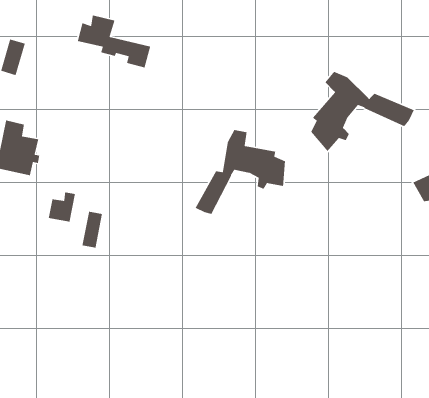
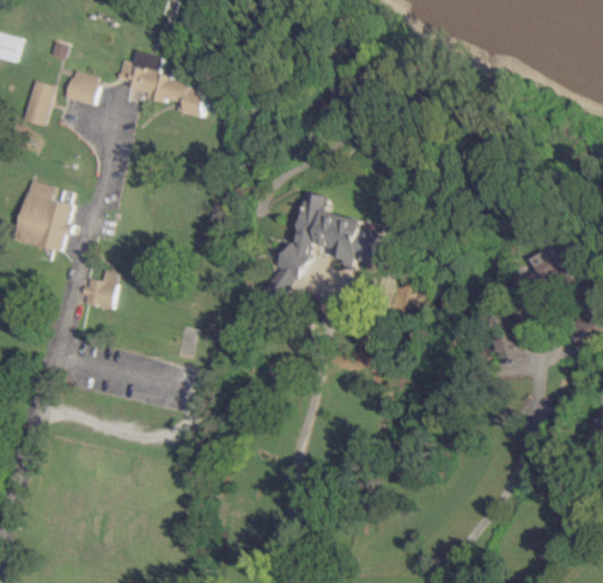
building: none -> [66,71,97,103]
building: [310,71,415,152] -> none
building: [82,211,103,249] -> none

